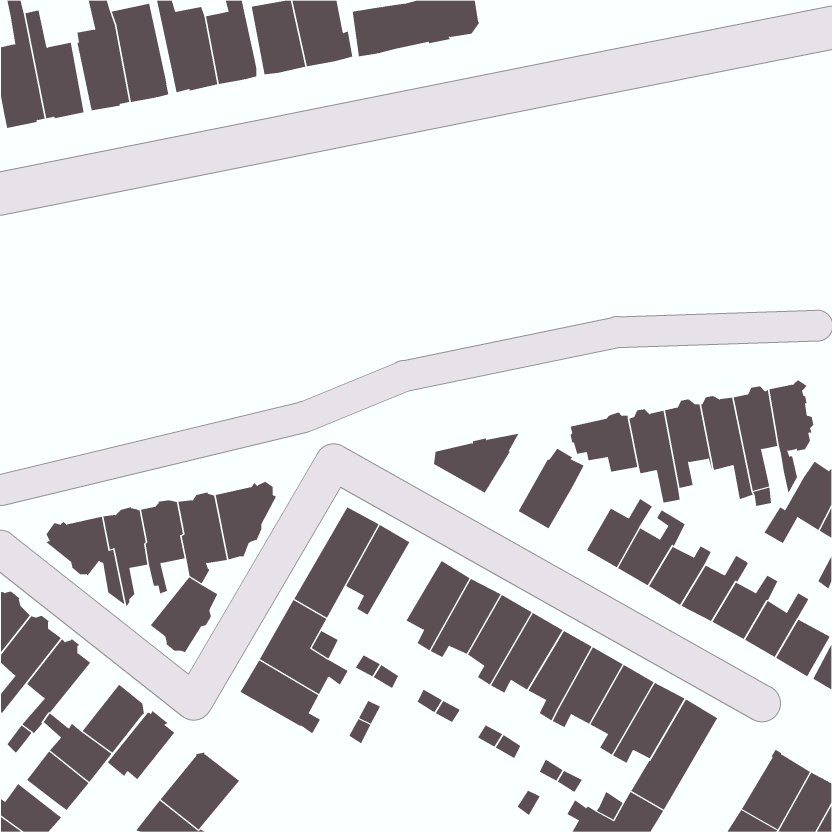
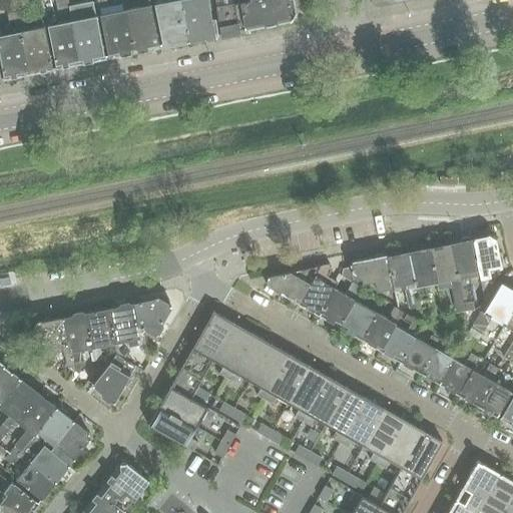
building: none -> [299,265,337,315]
building: none -> [338,300,376,339]
building: none -> [226,334,272,384]
building: [107,710,175,780] -> [31,407,73,450]

